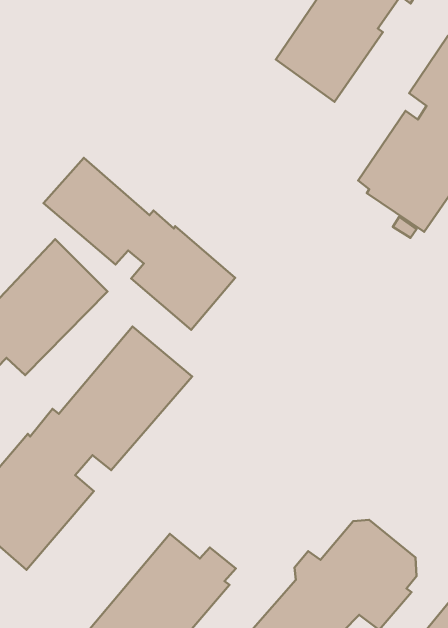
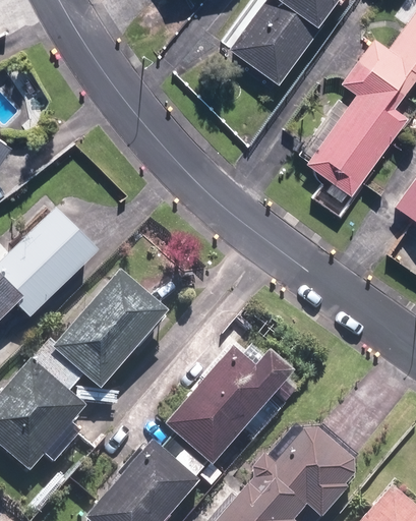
building: [44,158,235,330] -> none
building: none -> [165,349,302,487]

